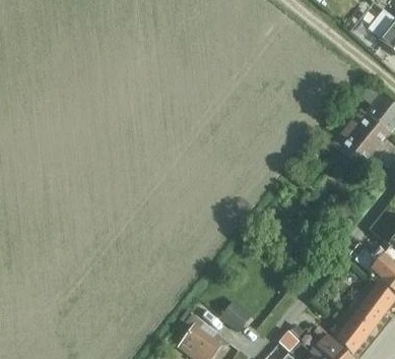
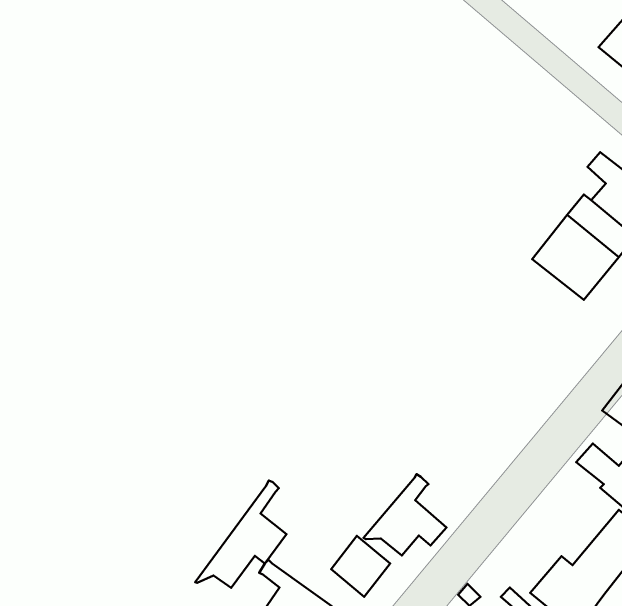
building: none -> [364,474,446,555]
building: none -> [195,481,287,588]

